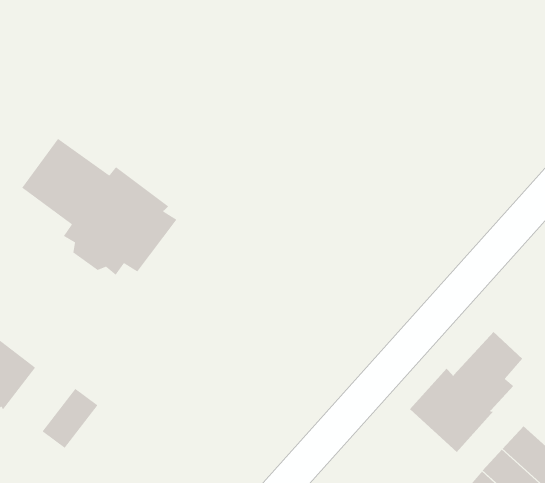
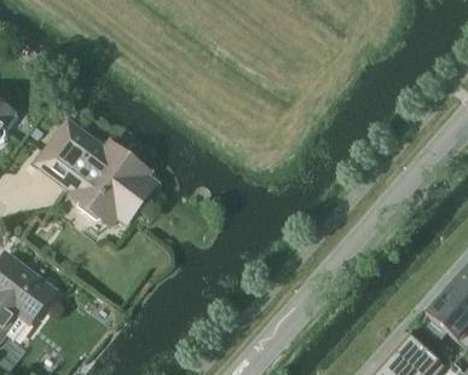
building: [409,331,523,453] -> none
building: [42,388,98,449] -> none

